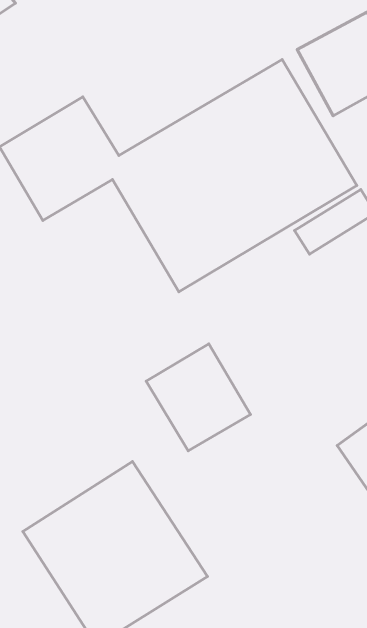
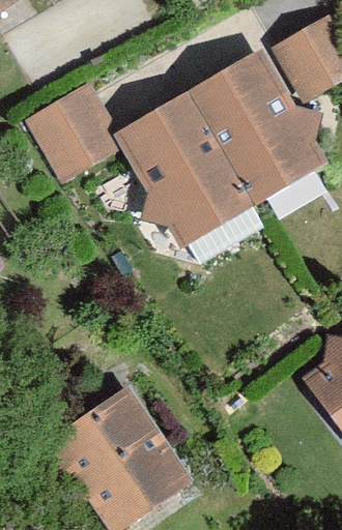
building: [146,344,250,451] -> none

